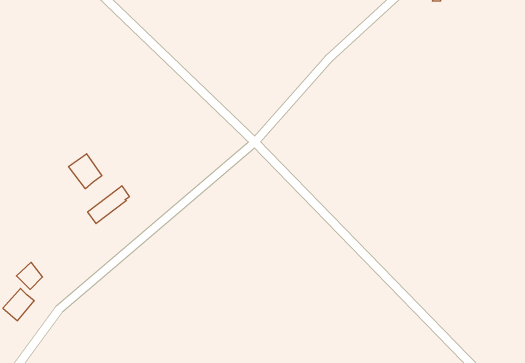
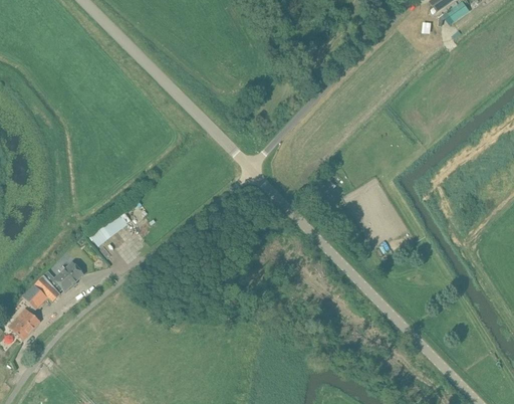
building: [69,154,102,189] -> none
building: none -> [36,262,82,301]

